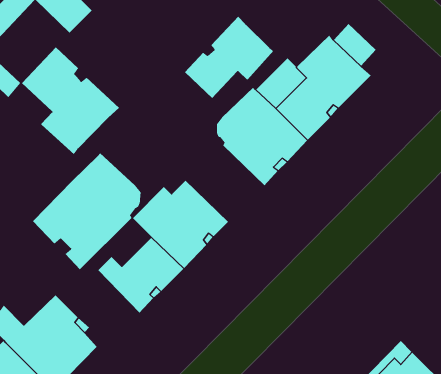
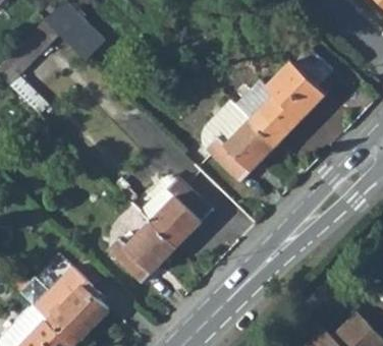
building: [184,16,274,99] -> none
building: [21,46,120,155] -> none
building: [32,153,141,270] -> none

